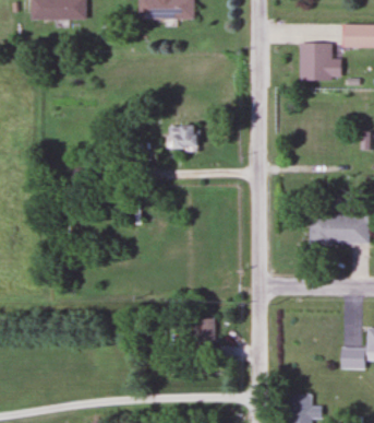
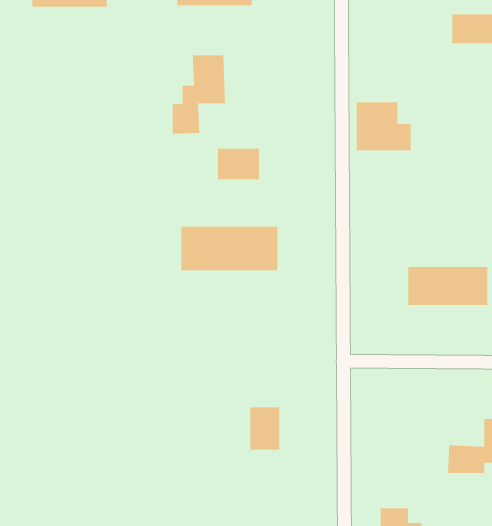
building: [300,43,341,80] -> [356,101,411,151]
building: none -> [172,54,226,135]
building: none -> [180,226,278,271]

